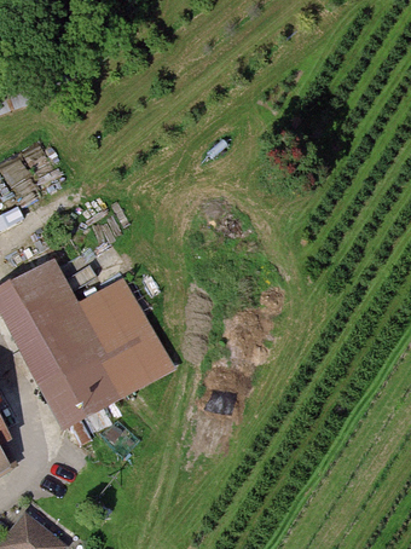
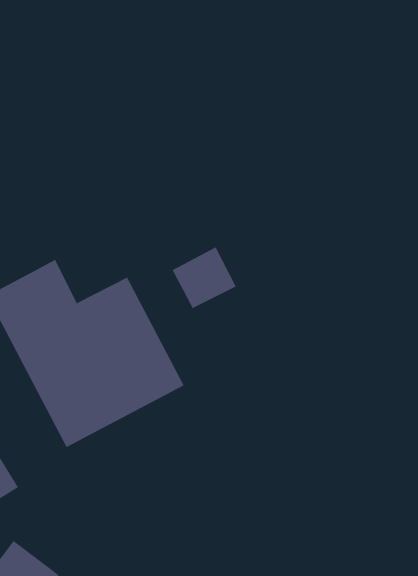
building: none -> [172,247,236,309]

